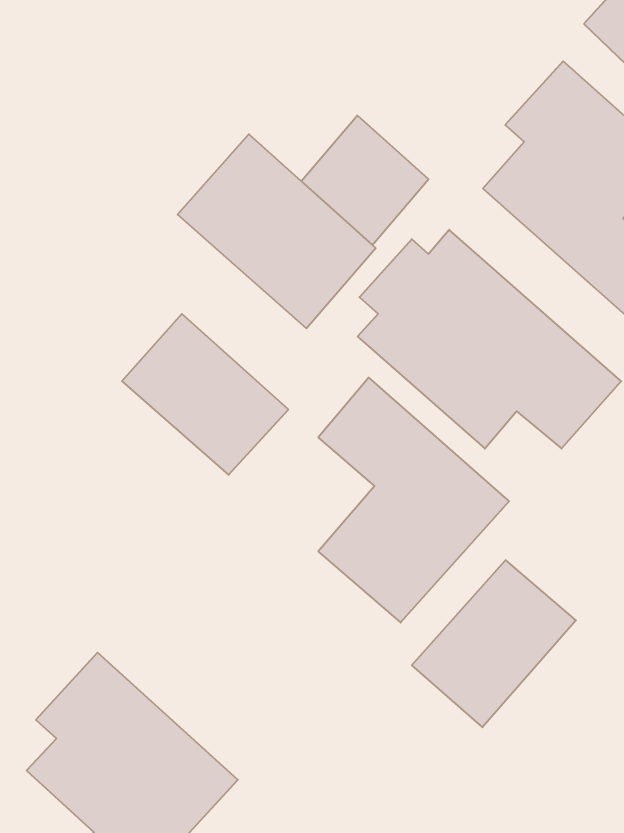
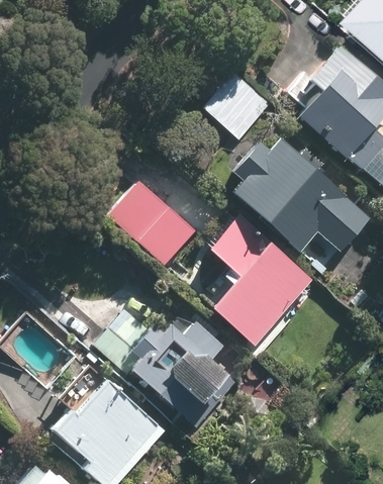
building: [178,134,376,328] -> none
building: none -> [92,310,241,428]
building: [412,560,576,727] -> none

